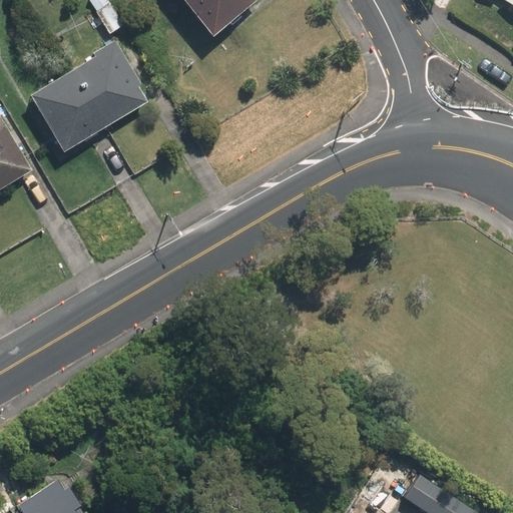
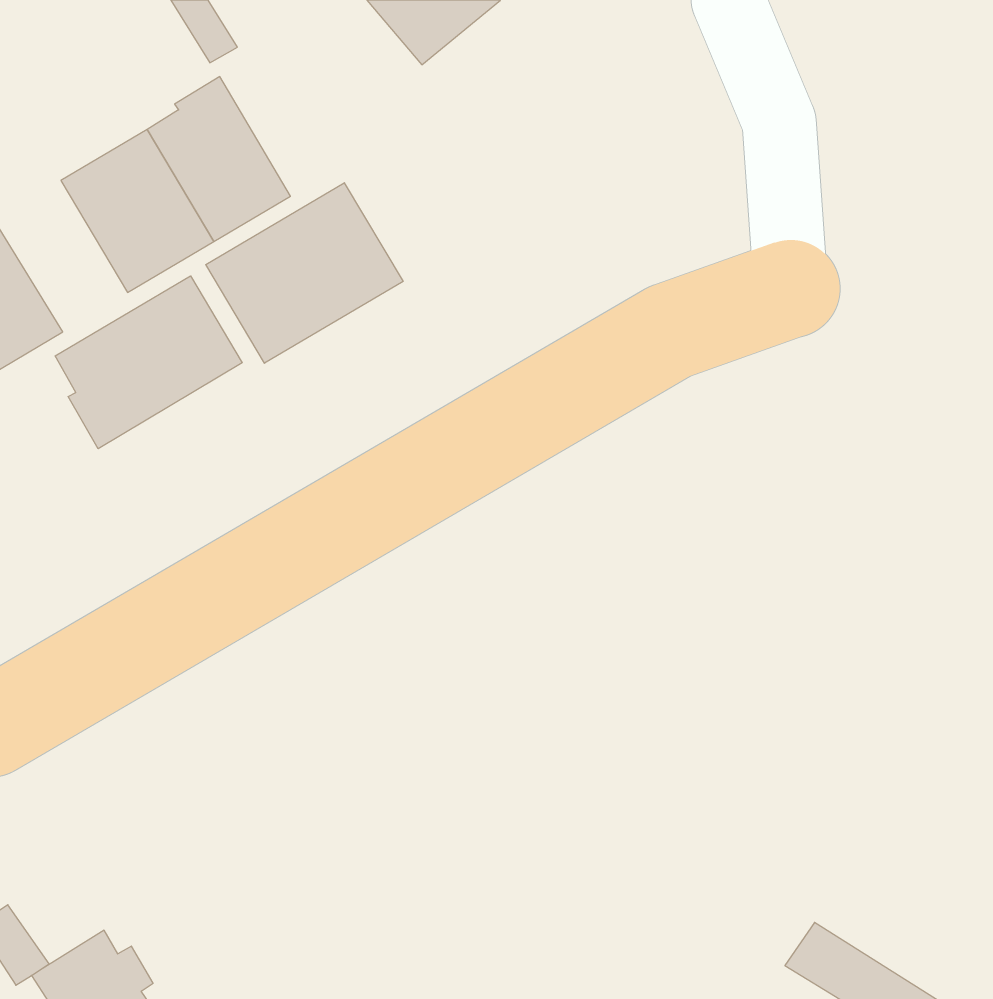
building: none -> [206,183,403,363]
building: none -> [55,276,242,449]

